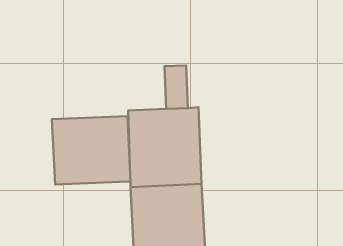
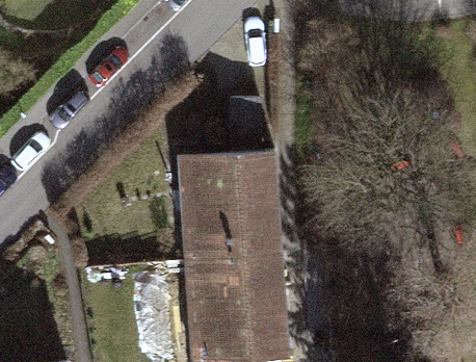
building: [52,116,130,185] -> none

